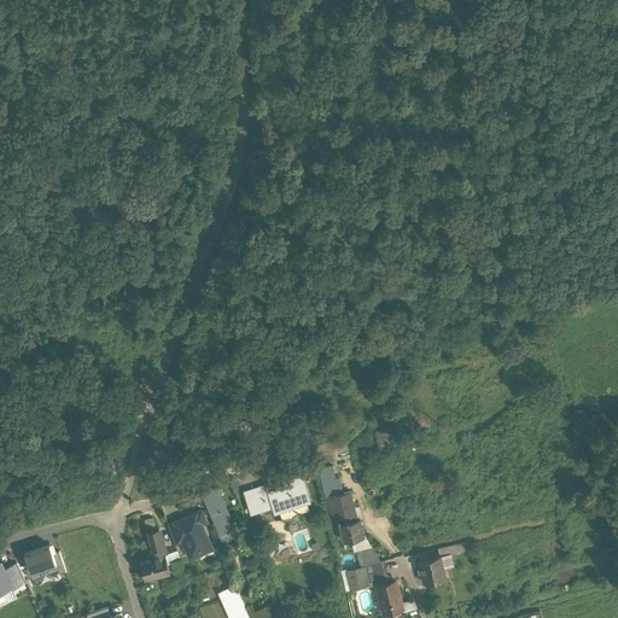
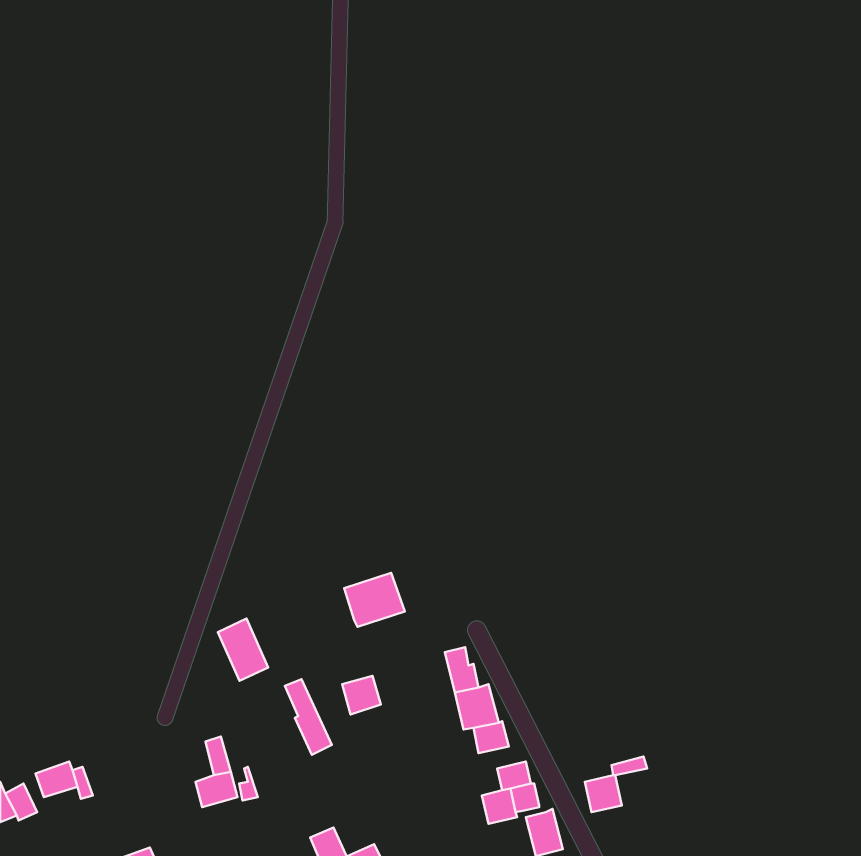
building: [266,474,309,513] -> [344,573,405,627]
building: [175,517,211,561] -> [218,619,268,681]

